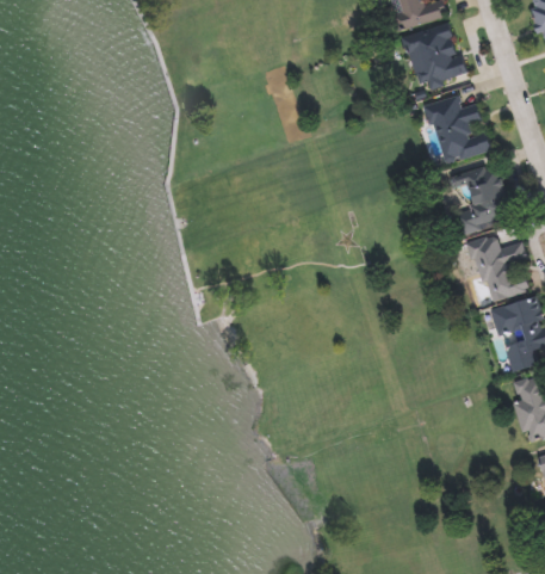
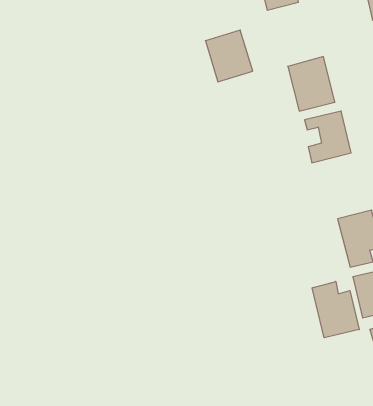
building: [402,21,465,91] -> [205,30,253,82]
building: [467,233,526,303] -> none
building: none -> [312,281,359,338]

